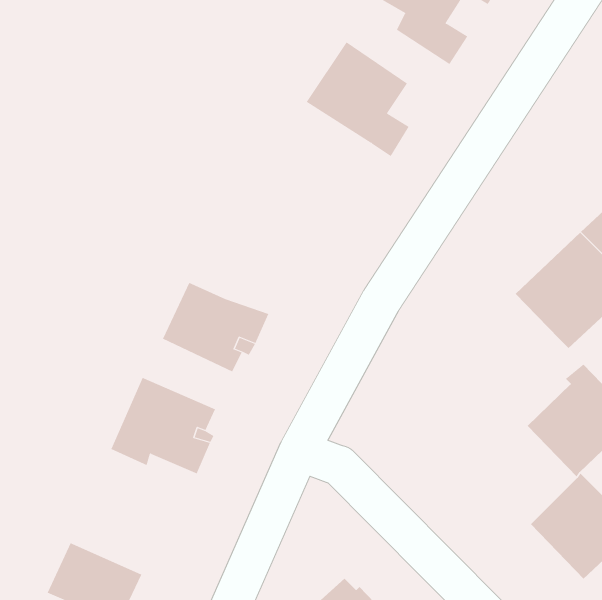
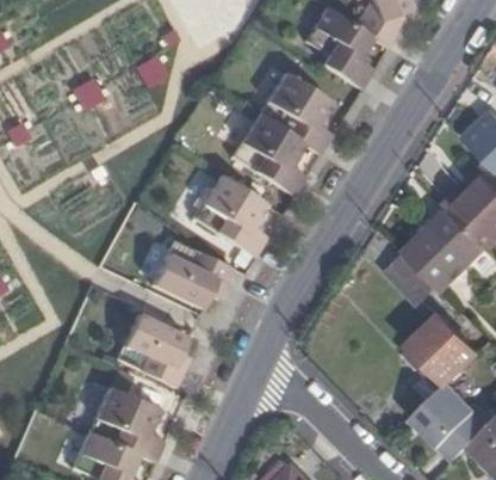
building: none -> [228,115,302,195]
building: none -> [190,176,264,256]
building: none -> [380,251,434,302]
building: none -> [86,387,161,460]

